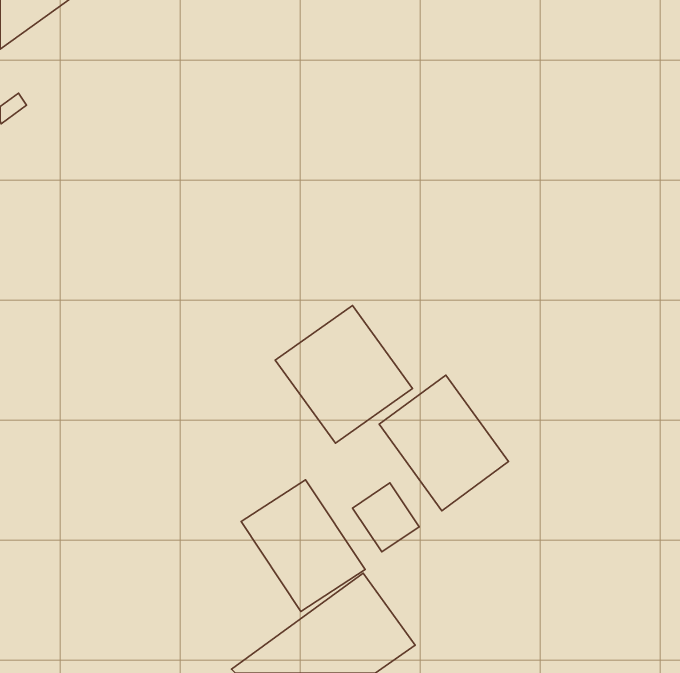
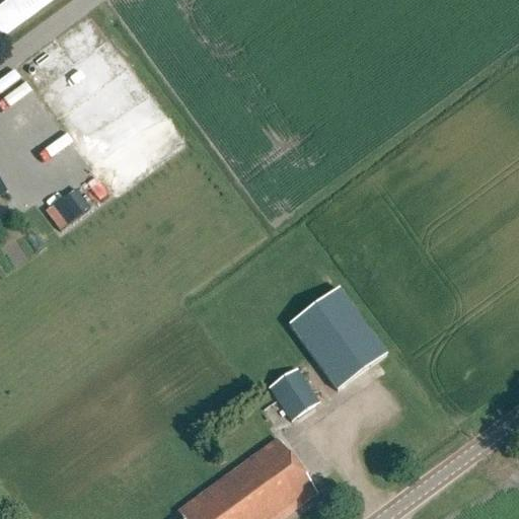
building: [275,305,413,443] -> none
building: [241,480,365,611] -> none

